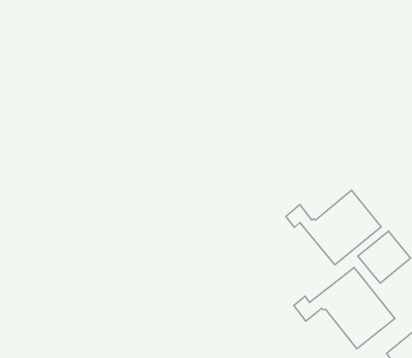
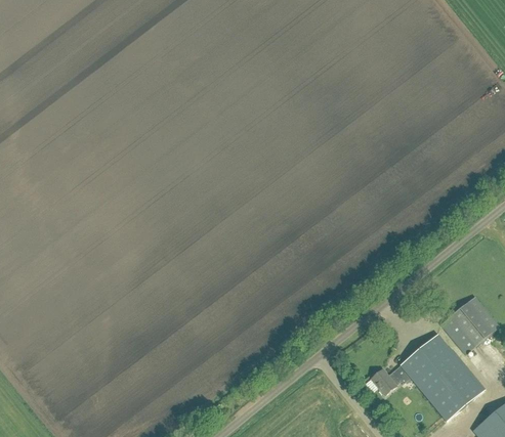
building: [286,190,381,265] -> none

